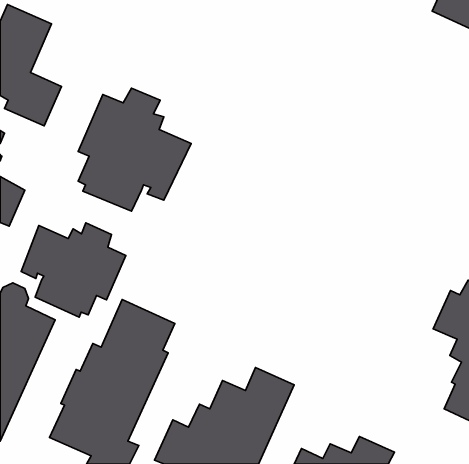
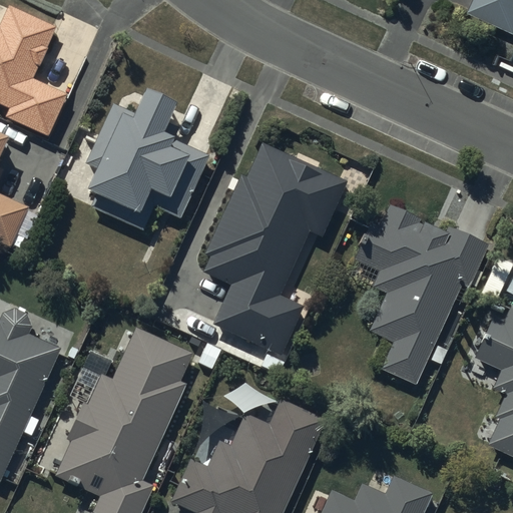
building: none -> [201,142,346,357]
building: none -> [353,205,487,385]
building: [21,223,126,317] -> none

